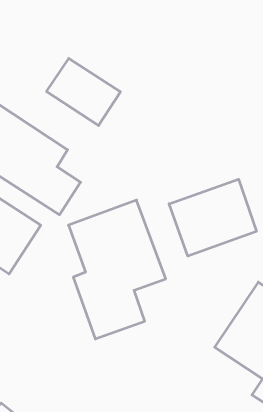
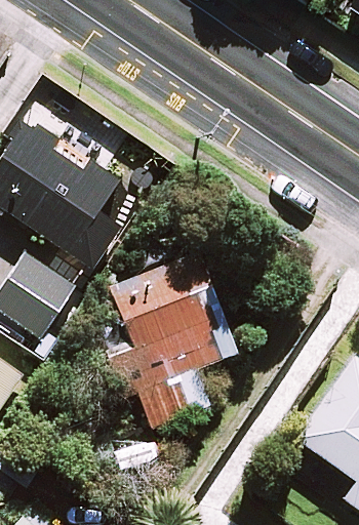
building: [47,58,120,126] -> none
building: [169,179,256,256] -> none

